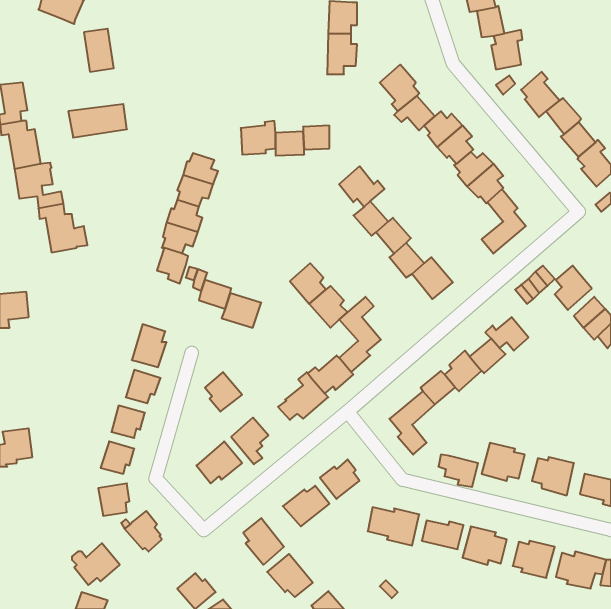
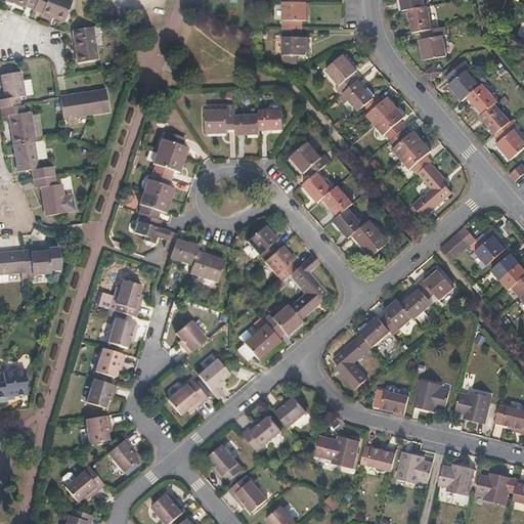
building: none -> [23,247,59,279]

